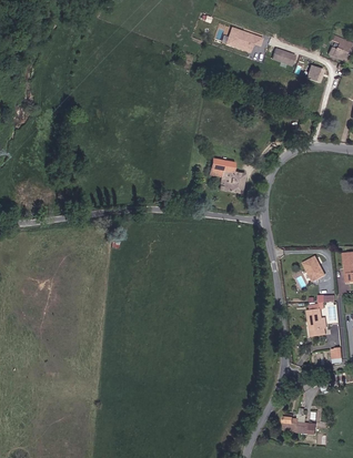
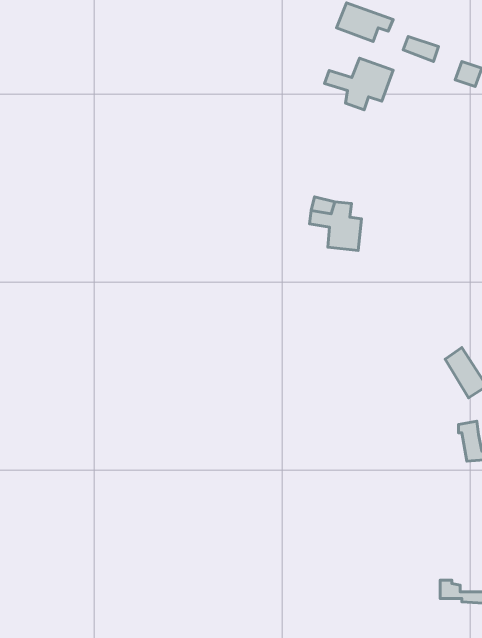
building: none -> [325,58,393,110]

